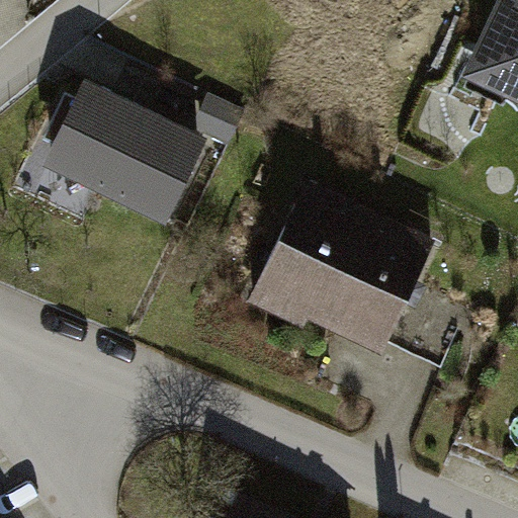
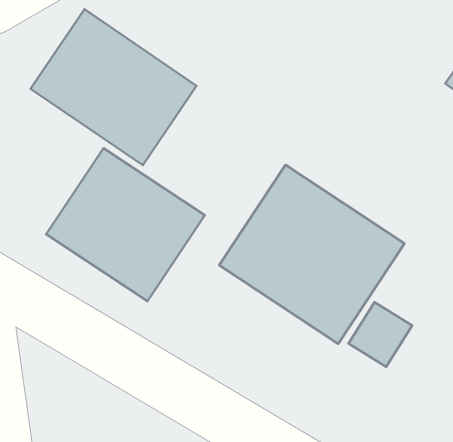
building: none -> [46,148,205,301]

